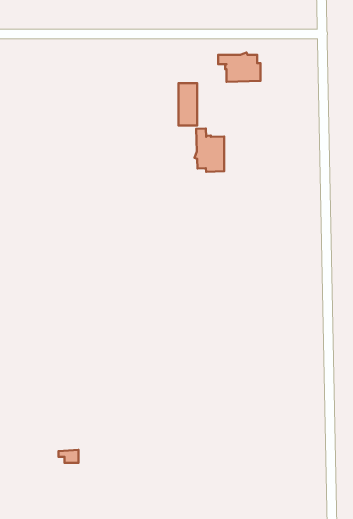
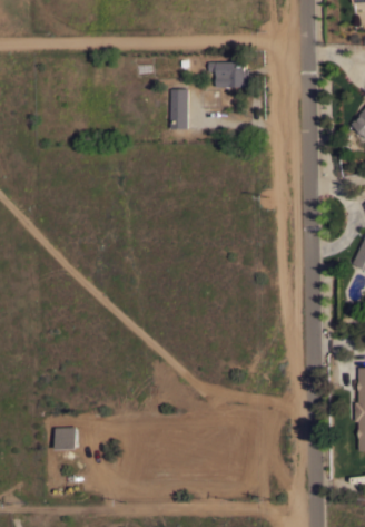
building: [195,129,224,172] -> none

